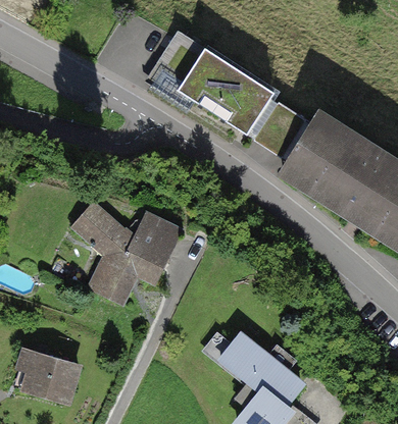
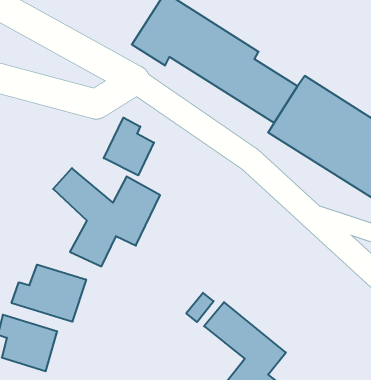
building: none -> [104,118,154,175]
building: none -> [12,265,86,322]

